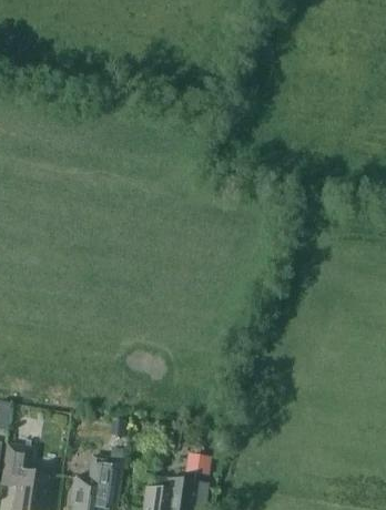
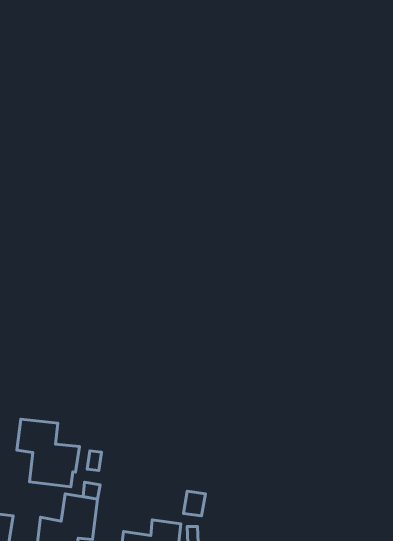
building: none -> [17,419,79,487]

